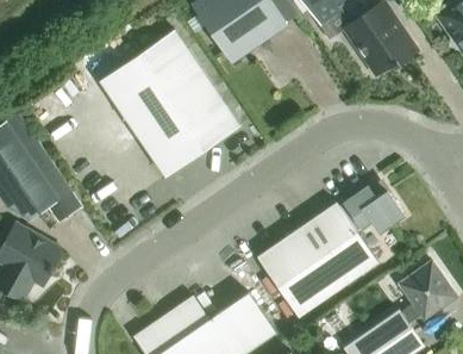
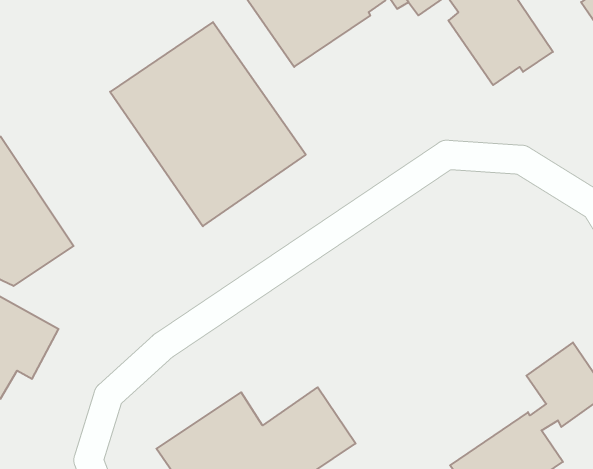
building: [256,185,403,318] -> none

